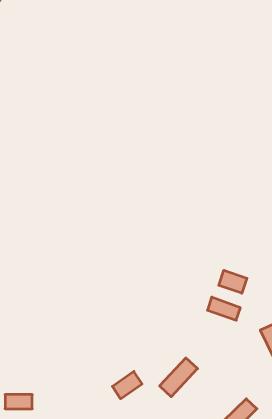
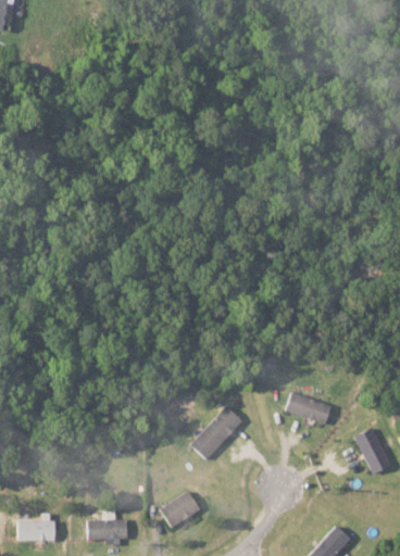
building: [219,270,247,293] -> none
building: [160,358,198,397] -> [191,407,241,458]
building: none -> [88,520,127,539]

